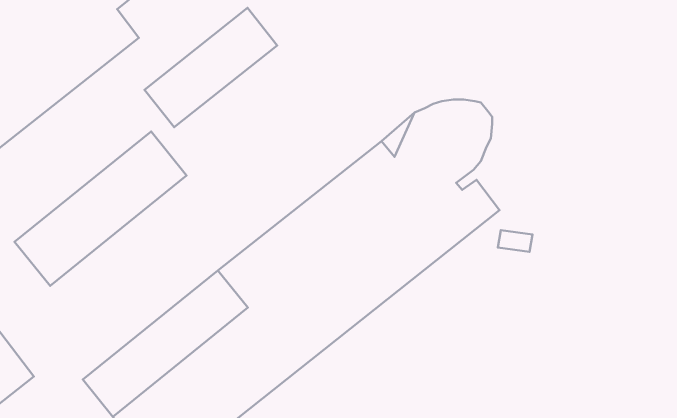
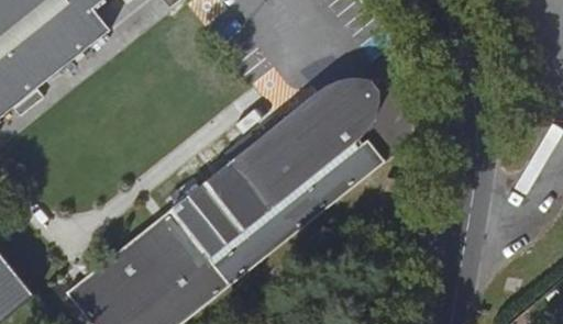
building: [144,8,277,127] -> none
building: [15,132,187,286] -> none

